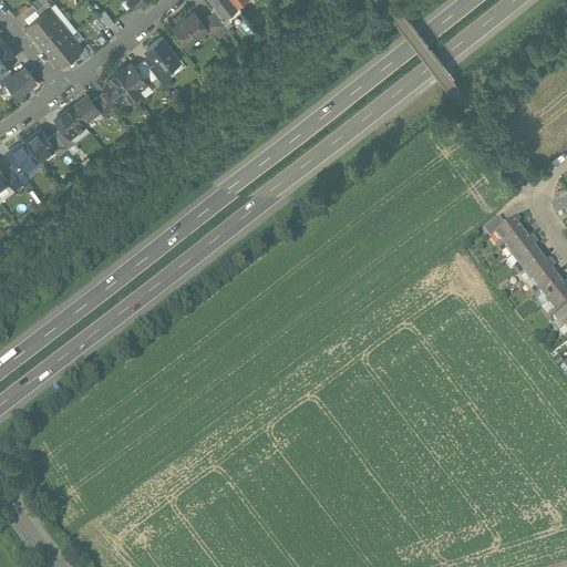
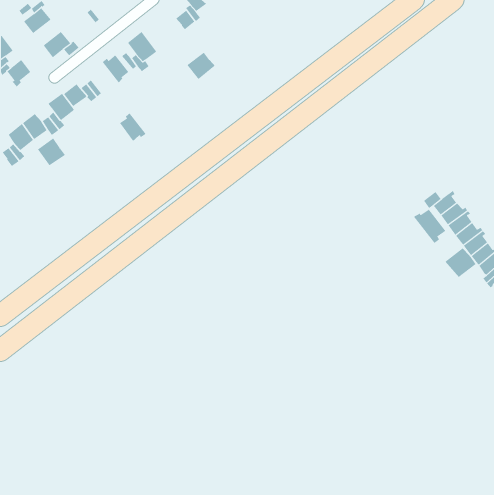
building: [176,12,209,44] -> [187,52,216,80]
building: [40,22,72,52] -> none
building: [106,71,137,104] -> [119,113,146,142]
building: none -> [37,138,65,166]
building: none -> [413,209,446,244]
building: none -> [444,247,477,278]

